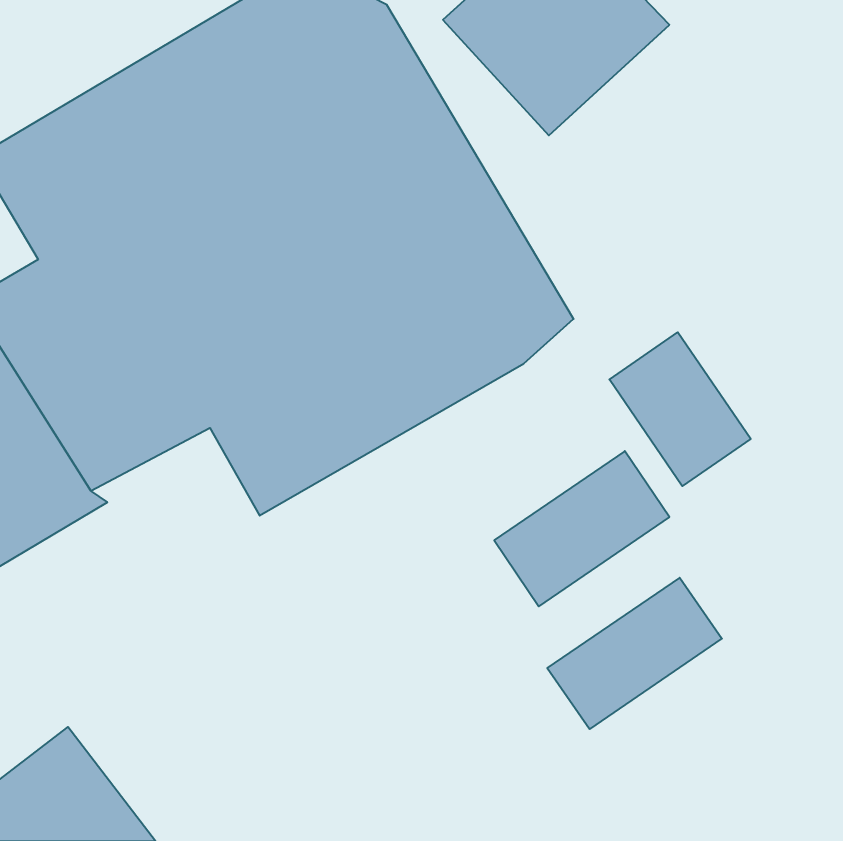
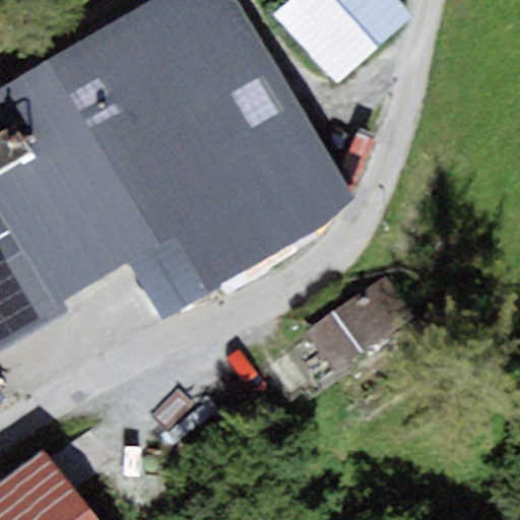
building: [609,332,751,486] -> none
building: [547,578,722,729] -> none

